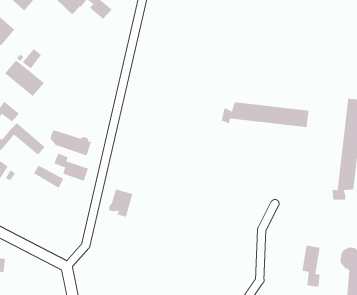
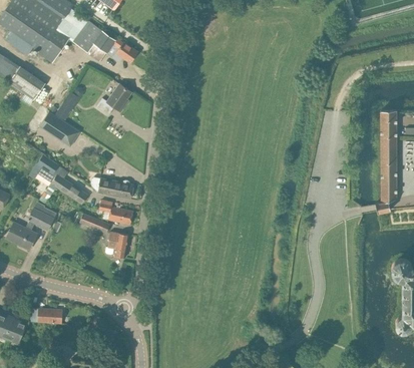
building: none -> [96,84,131,116]
building: [221,102,309,128] -> none
building: [108,189,133,218] -> [105,232,128,259]
building: [302,245,320,287] -> none

